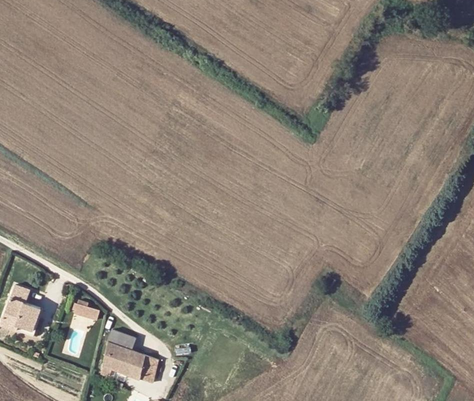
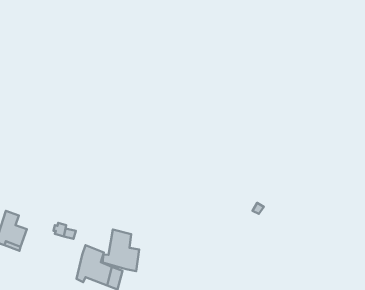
building: none -> [103,230,139,271]

